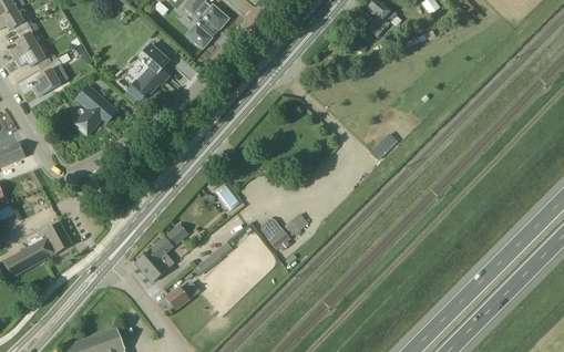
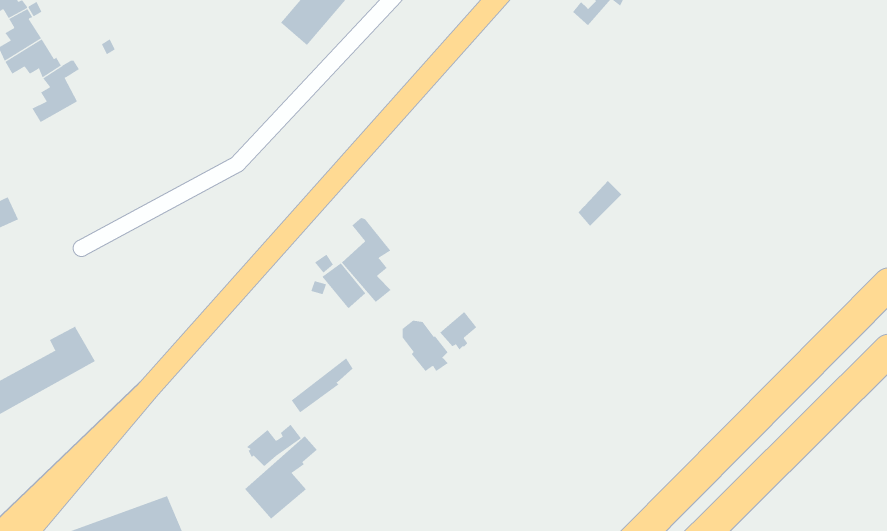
building: [134,44,168,93] -> none
building: [73,84,116,135] -> none
building: none -> [341,217,392,303]
building: [135,229,181,281] -> [244,435,318,520]

